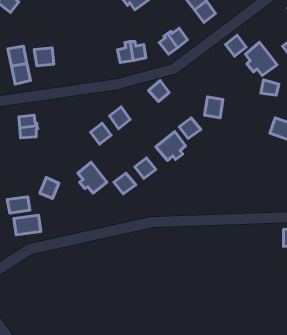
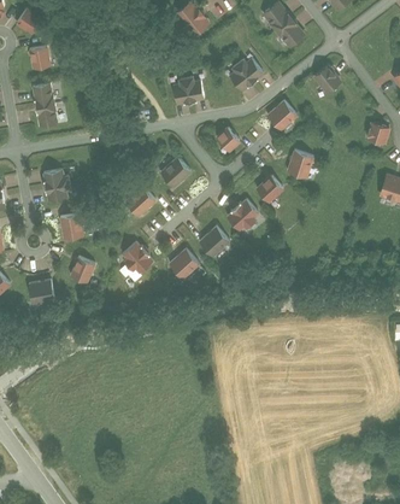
building: [245,42,277,76] -> none
building: [34,48,54,66] -> [24,46,51,70]
building: none -> [267,100,301,131]
building: none -> [58,215,82,241]
building: [14,215,41,235] -> none

